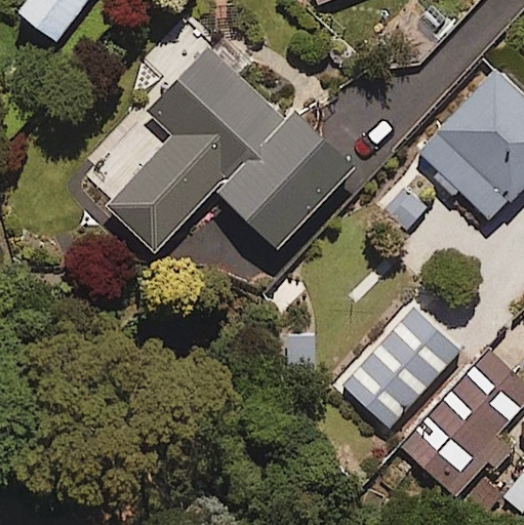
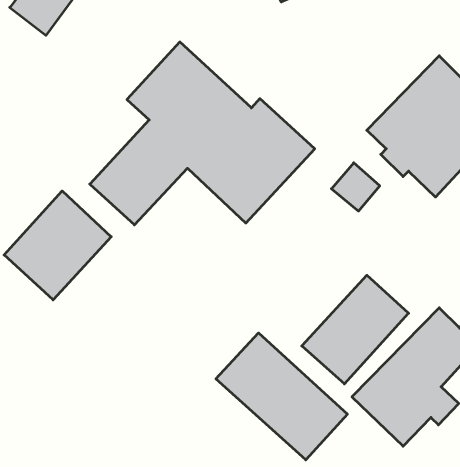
building: none -> [4,191,111,300]
building: none -> [216,333,347,460]

